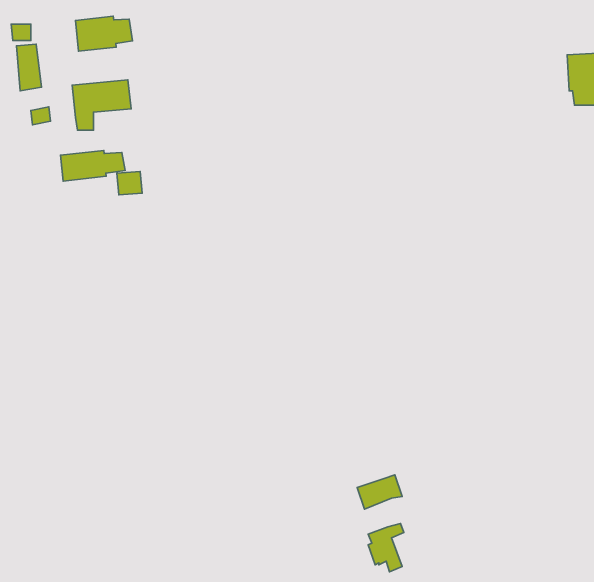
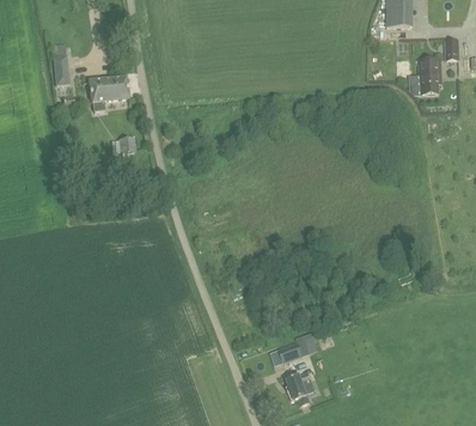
building: [75,16,133,51] -> none
building: [61,150,125,181] -> none

